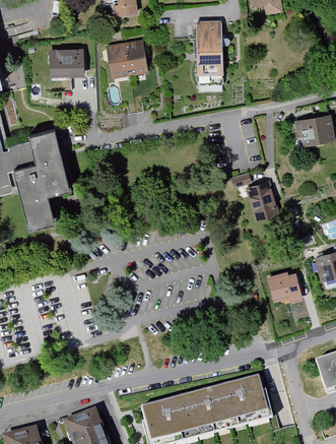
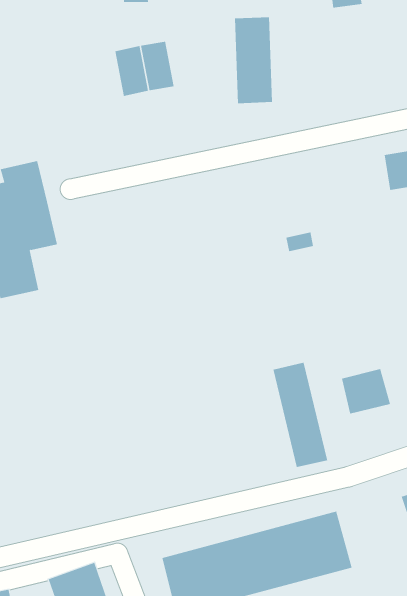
building: [47,48,84,78] -> none
building: [250,177,283,209] -> none
building: none -> [273,362,328,468]

